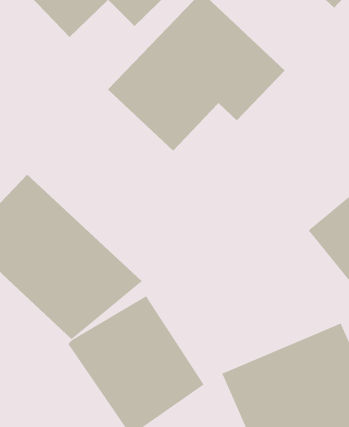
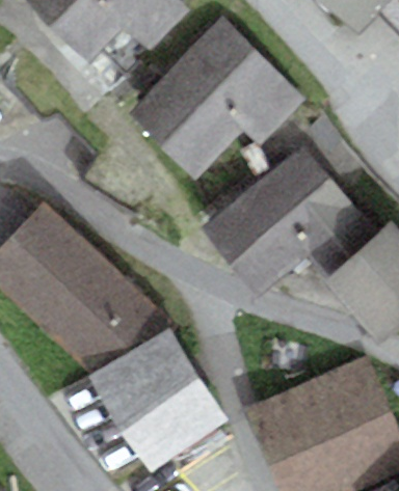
building: none -> [202,145,364,298]

